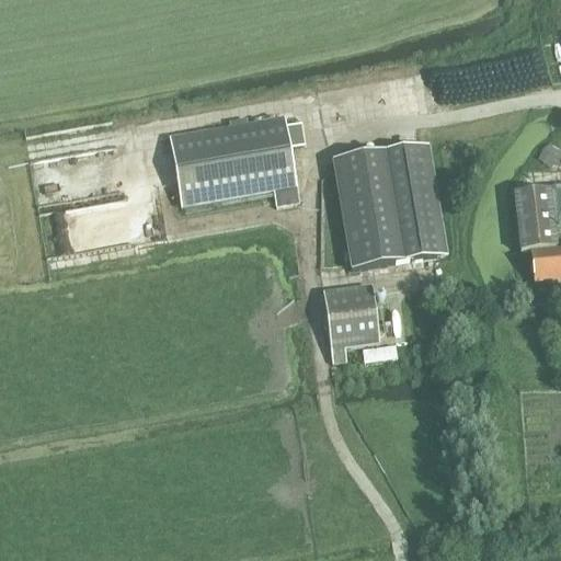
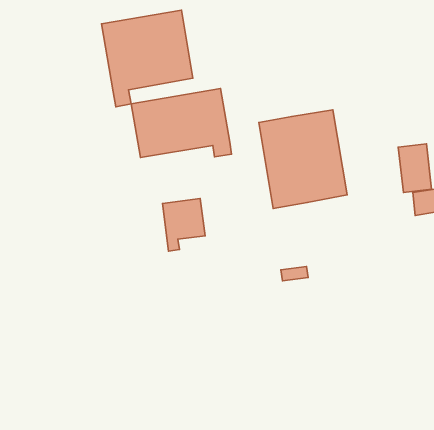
building: none -> [102,10,193,107]
building: [325,293,380,360] -> [163,198,205,251]

